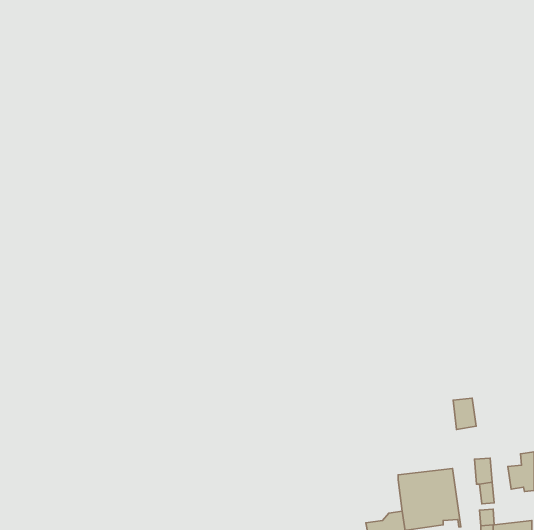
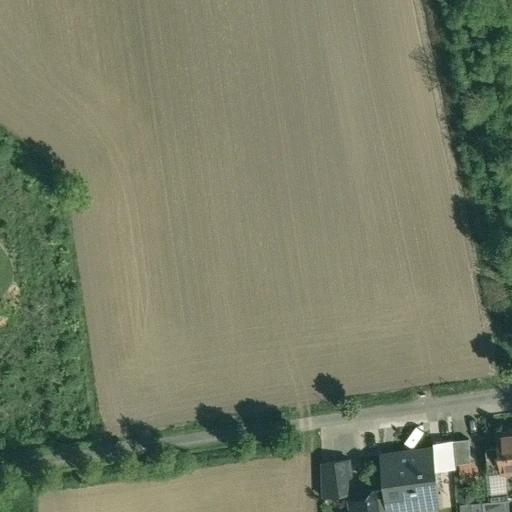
building: [453,398,476,429] -> [434,444,456,474]
building: none -> [322,463,353,498]

